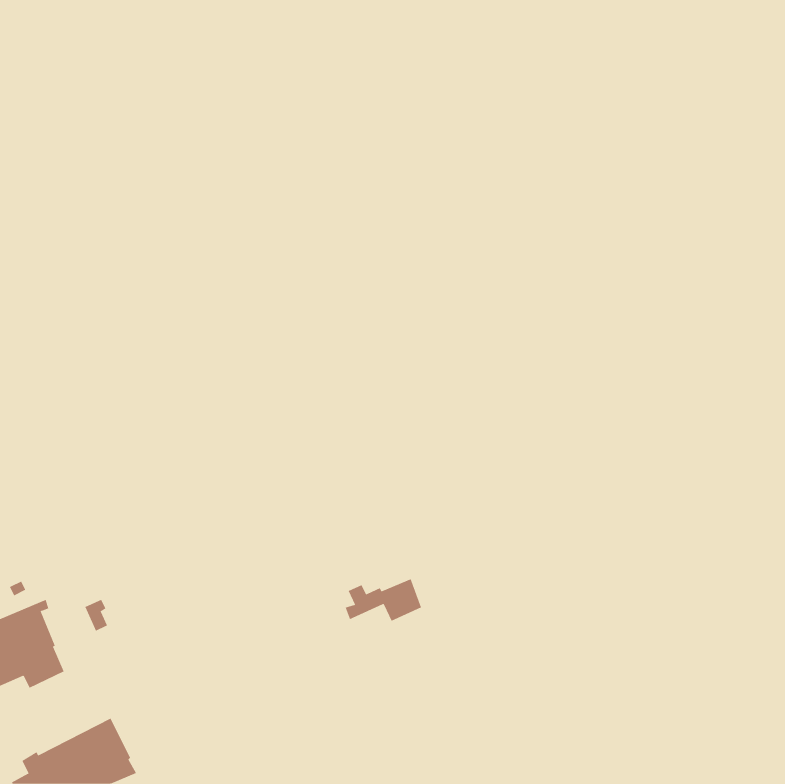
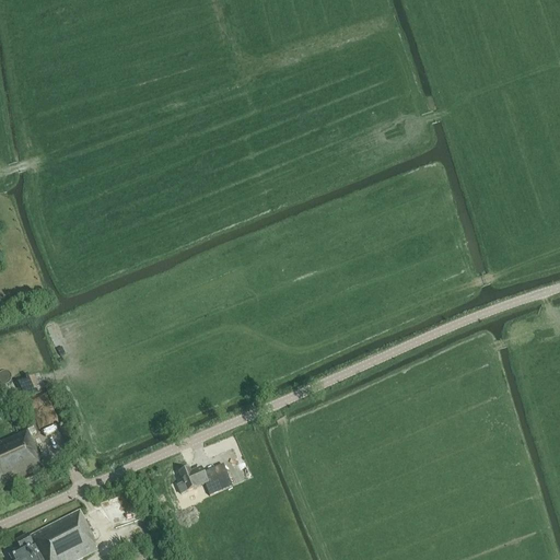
building: [345,578,422,621] -> [176,464,231,494]

